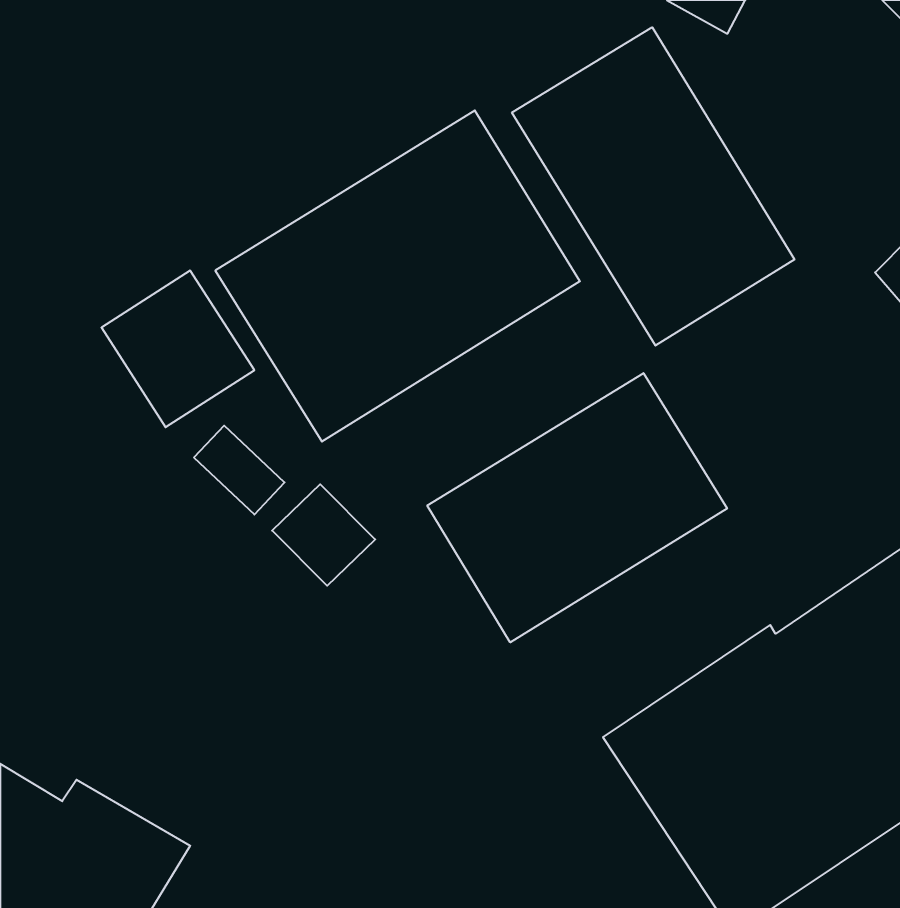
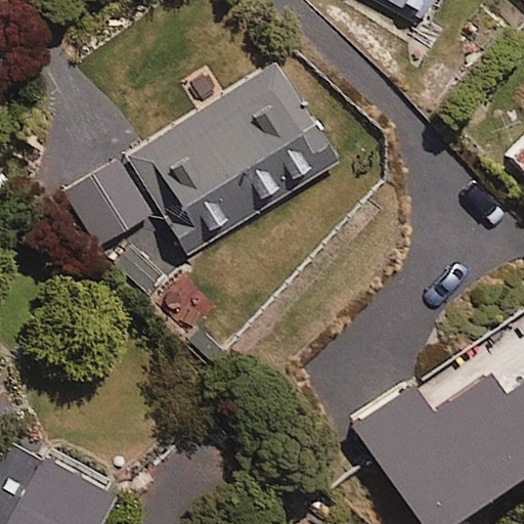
building: [512,27,794,346] -> none
building: [427,373,727,642] -> none

